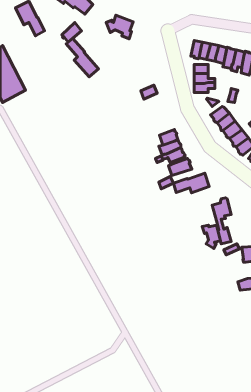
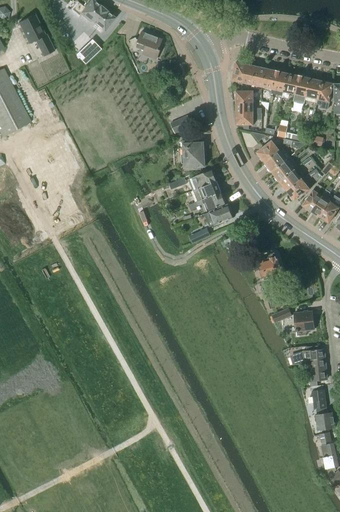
building: [66,39,99,77] -> none
building: none -> [183,141,206,170]
building: [174,173,209,193] -> none
building: [202,225,220,248] -> none

